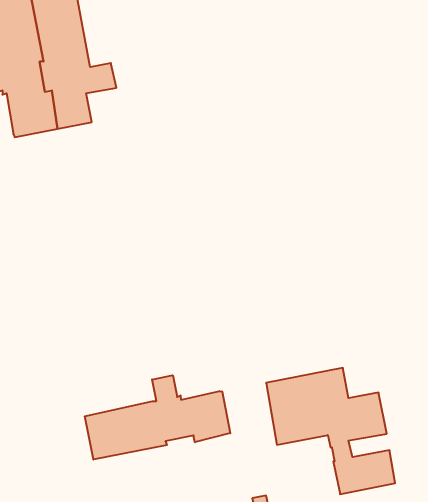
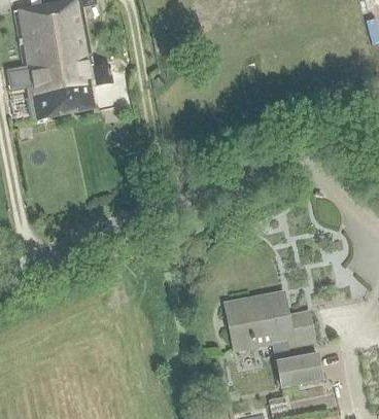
building: [85,375,230,460] -> none

